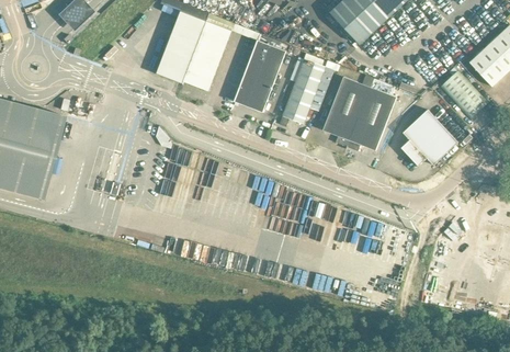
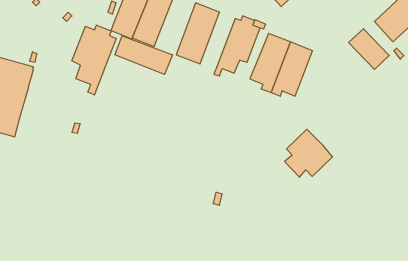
building: none -> [72,25,116,95]
building: none -> [115,36,172,74]
building: [400,109,457,166] -> [285,129,333,177]

